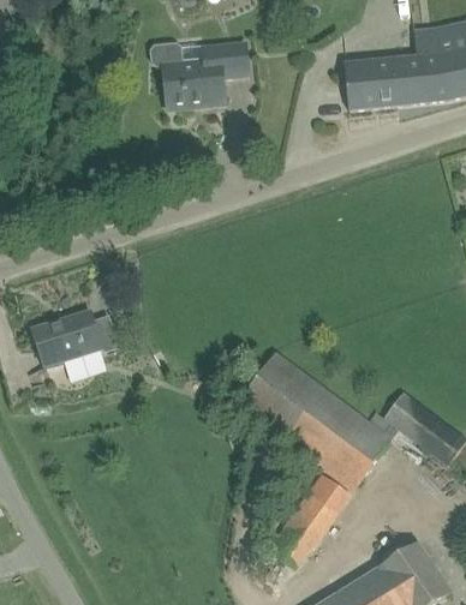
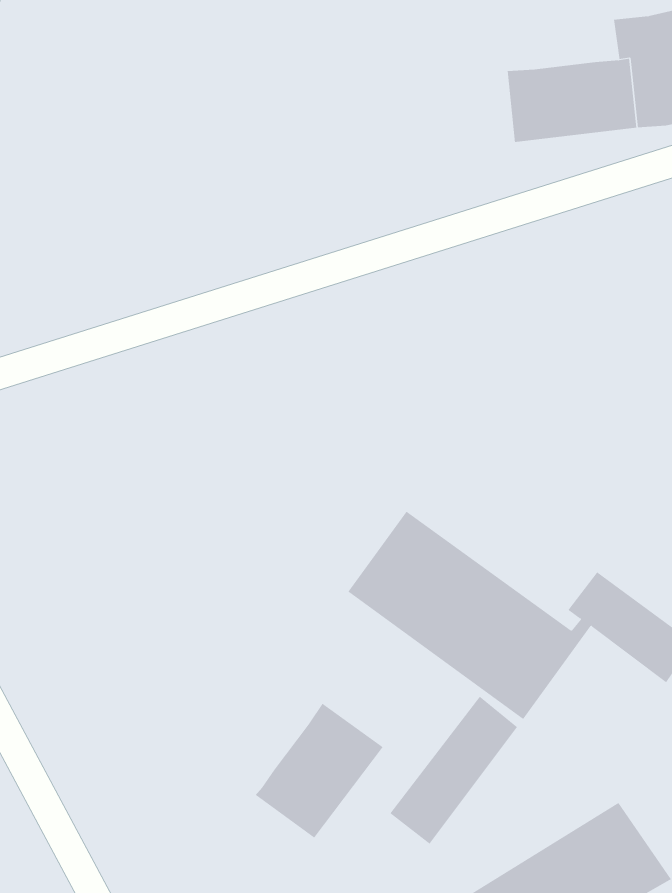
building: [149,42,249,106] -> none
building: [31,311,102,366] -> none
building: none -> [255,703,383,839]

